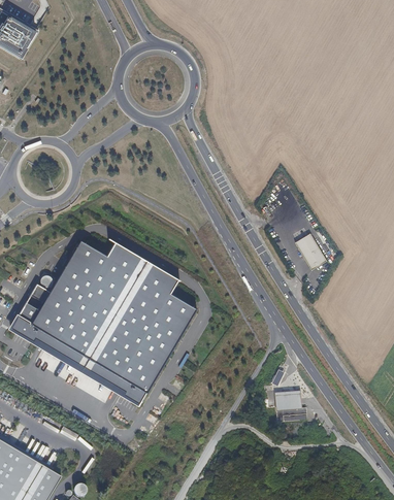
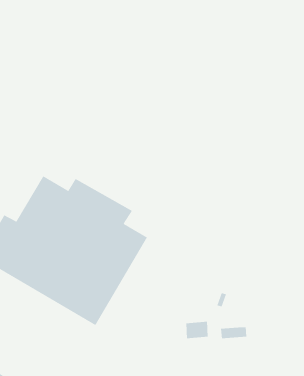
building: [295,233,326,269] -> none
building: [276,390,302,409] -> [185,321,209,339]

